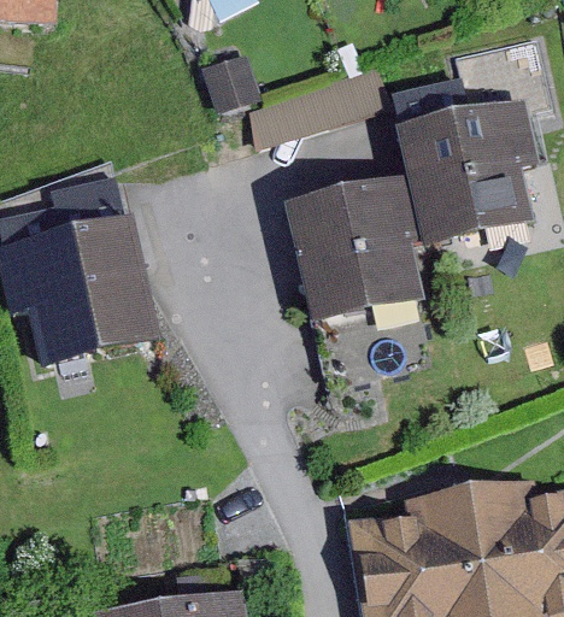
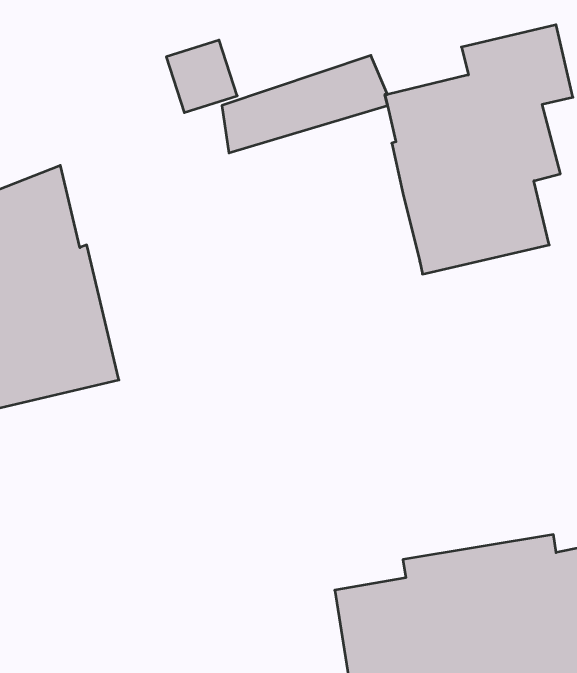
building: [283,181,435,380] -> none

